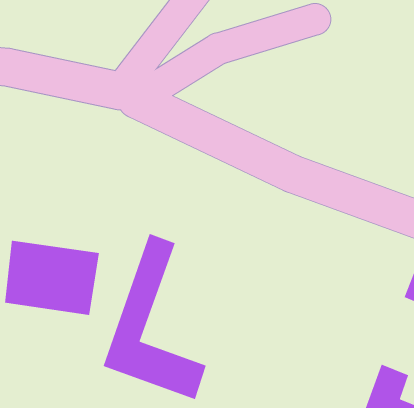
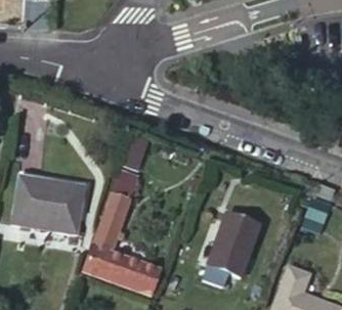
building: none -> [202,211,259,283]

